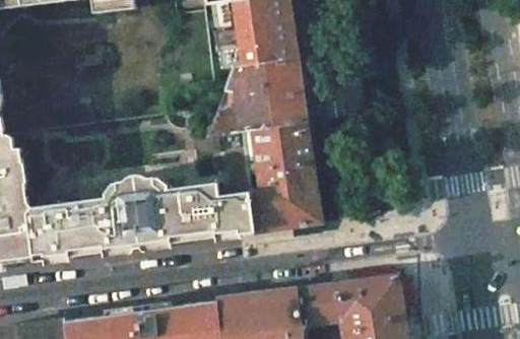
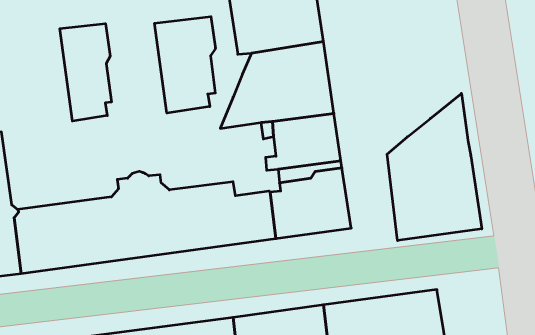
building: none -> [155,17,215,113]
building: none -> [60,24,111,121]
building: none -> [387,93,482,241]

